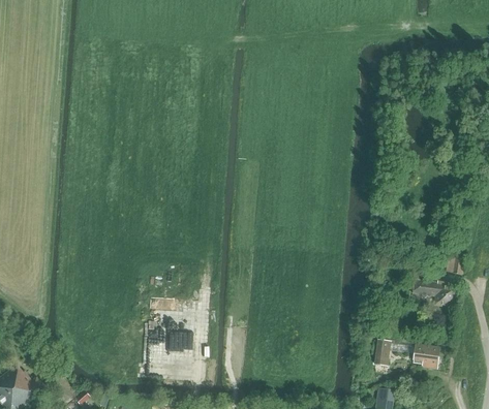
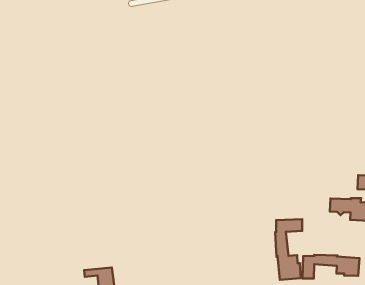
building: none -> [275,219,302,280]

